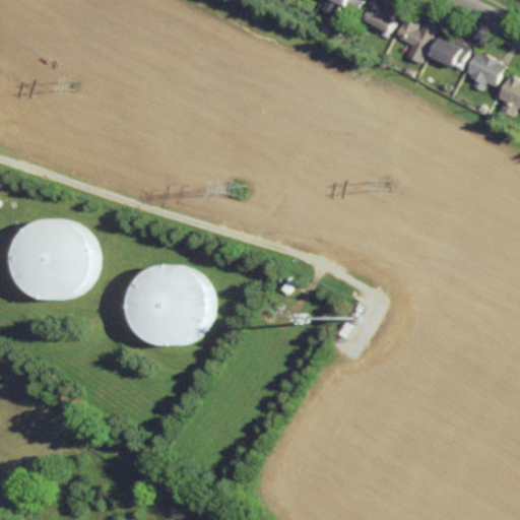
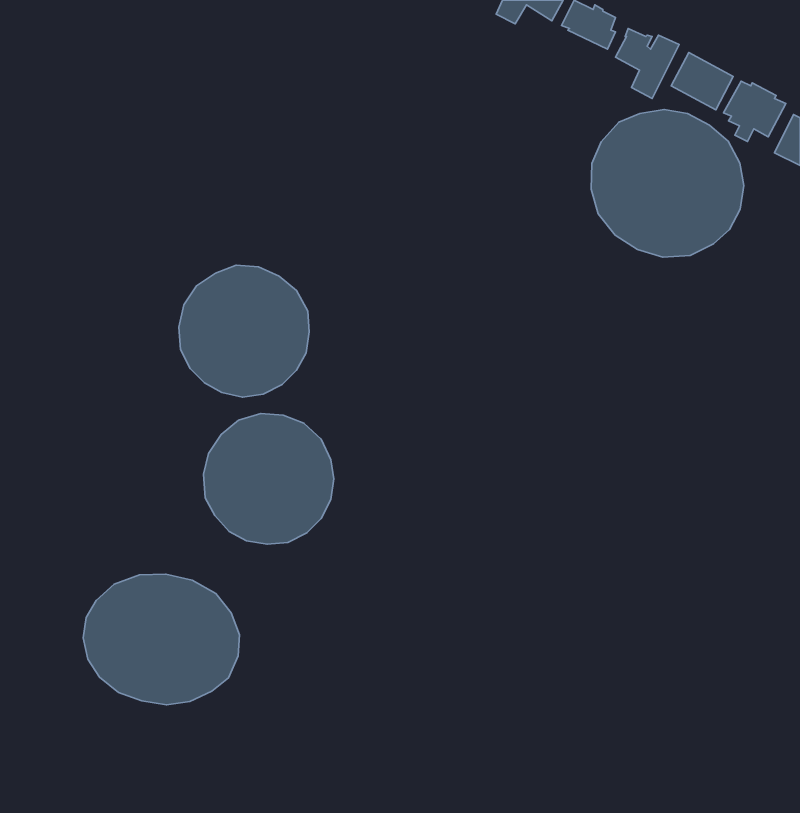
building: none -> [591,110,744,257]
building: [14,214,98,299] -> [179,265,309,397]
building: none -> [83,574,240,705]

